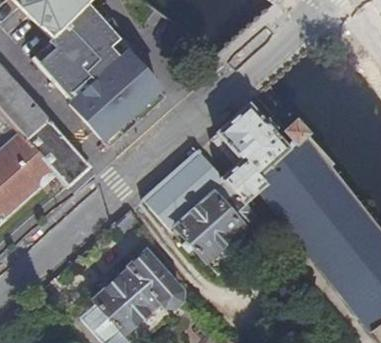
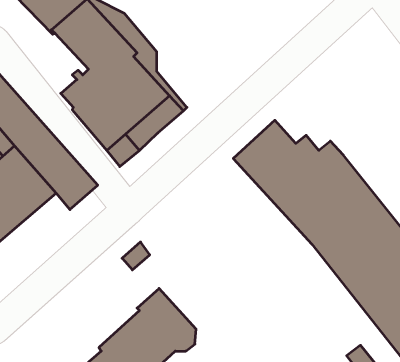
building: [32,31,83,83] -> none
building: [139,151,263,276] -> none

